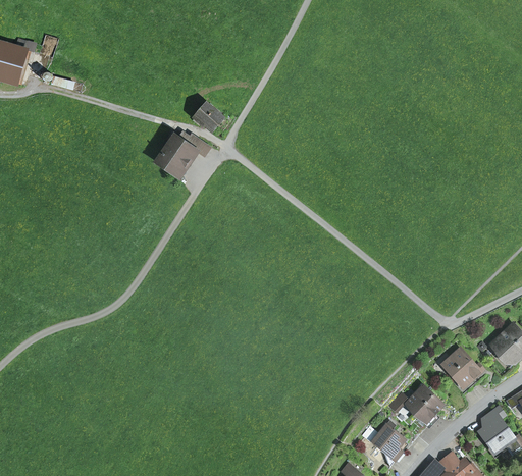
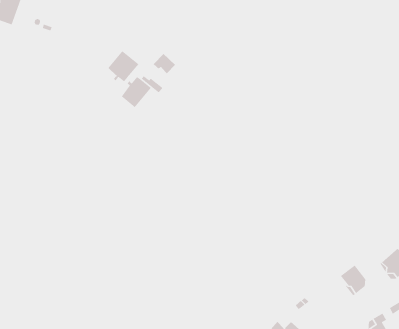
building: none -> [108,50,139,82]
building: [407,385,442,421] -> none

